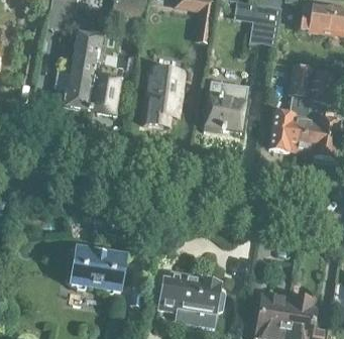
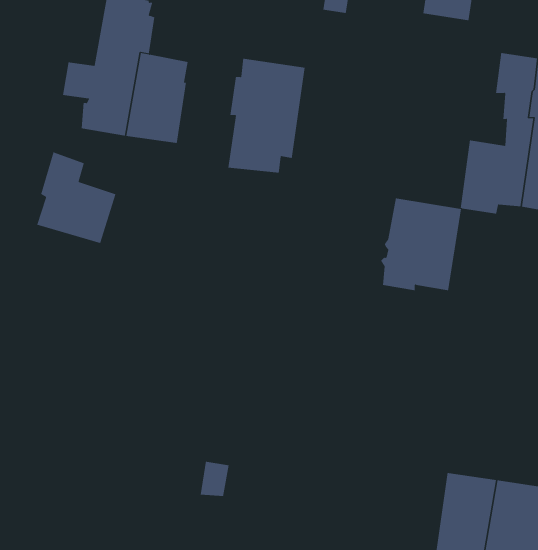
building: [202,81,246,131] -> [380,198,462,291]
building: none -> [36,152,116,244]
building: [69,246,126,295] -> none
building: [157,269,224,328] -> none

